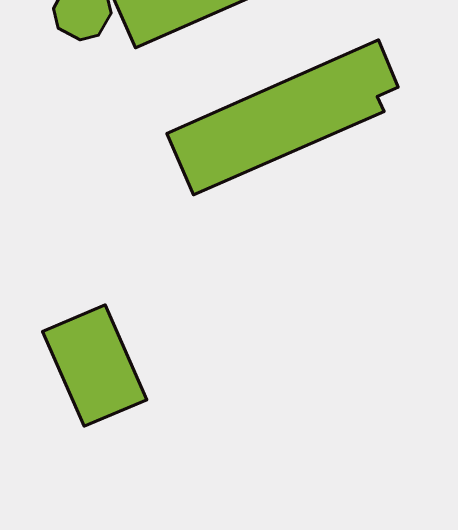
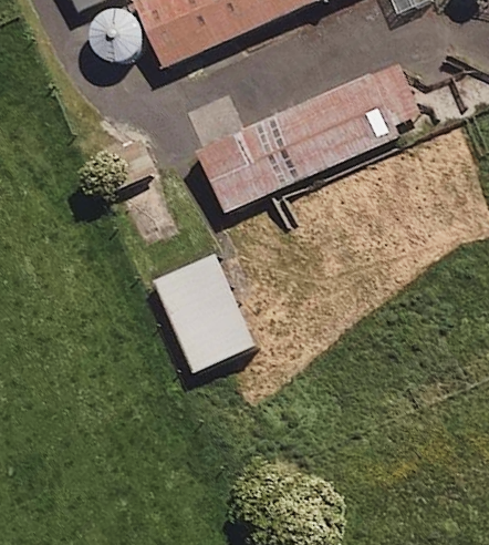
building: [43,305,147,426] -> [157,249,257,366]

